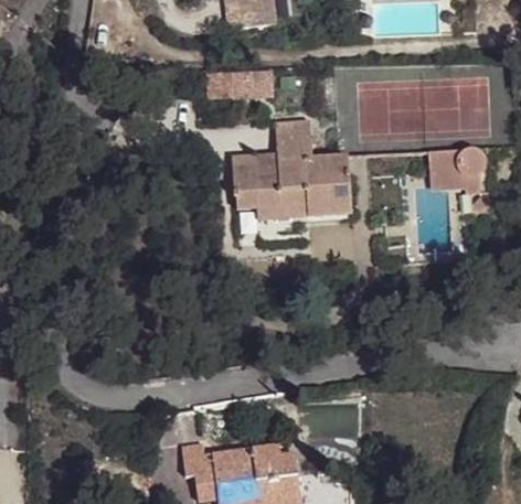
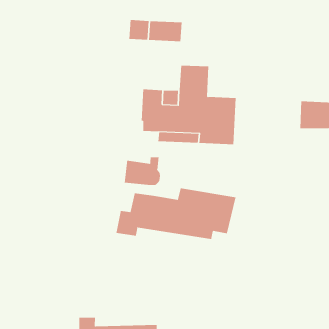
building: none -> [124,157,160,186]
building: none -> [116,188,236,240]

